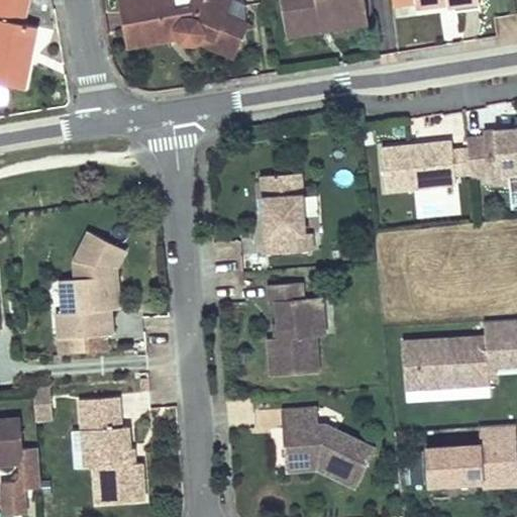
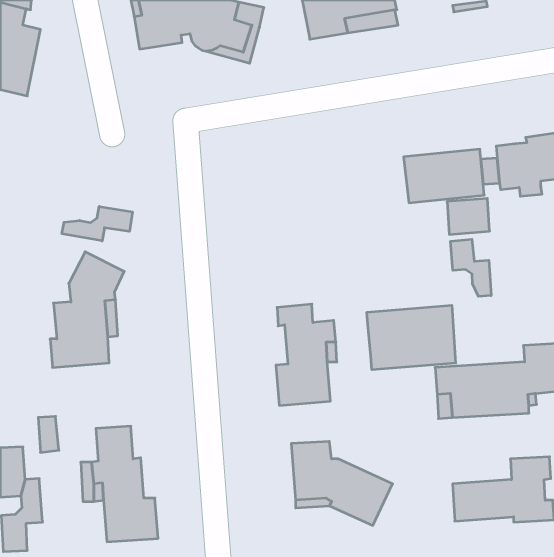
building: [251,173,302,253] -> none
building: none -> [62,206,132,241]
building: none -> [451,239,491,296]
building: none -> [367,305,456,370]

